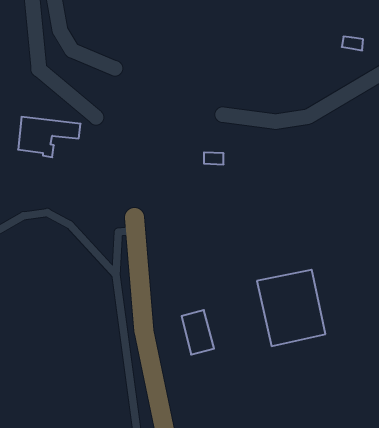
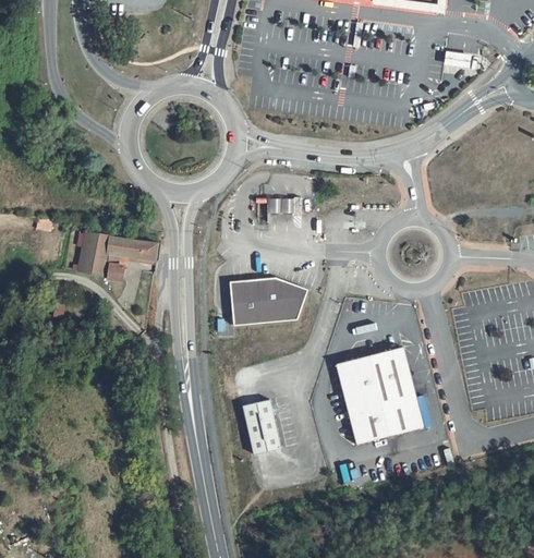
building: [18,117,81,157] -> [77,229,157,280]
building: none -> [224,276,302,322]

